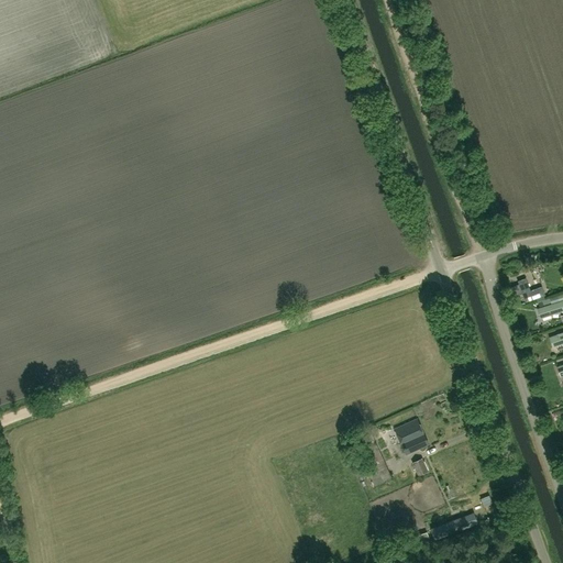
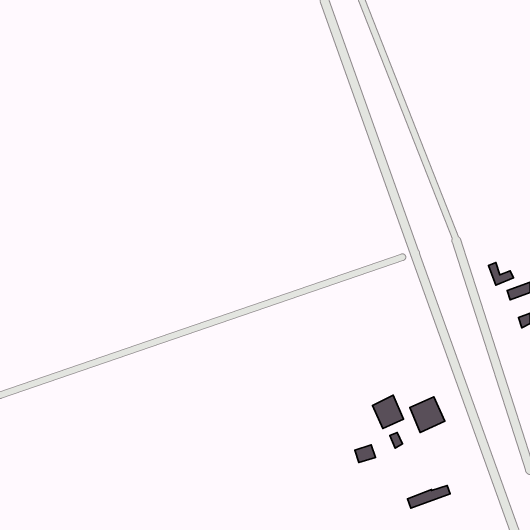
building: none -> [410,397,445,433]

